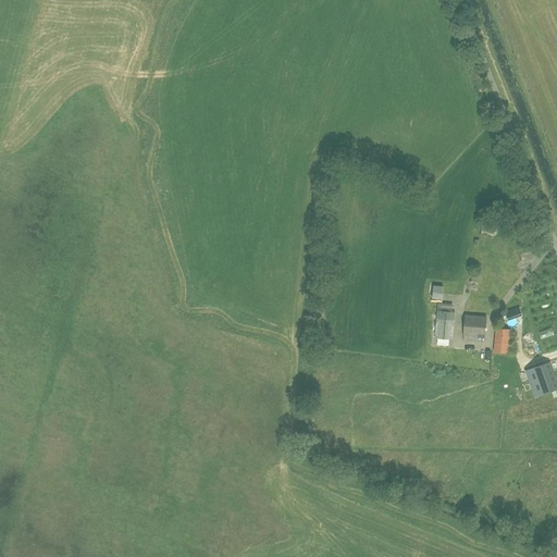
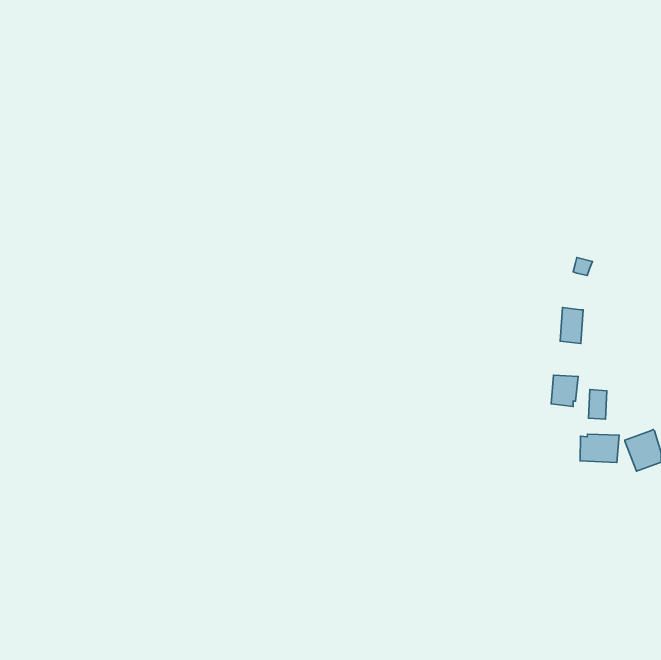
building: [435,309,455,339] -> [560,307,583,344]
building: none -> [580,434,619,462]

